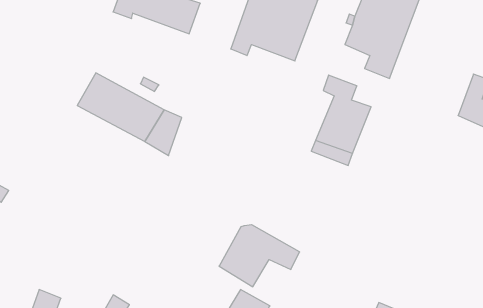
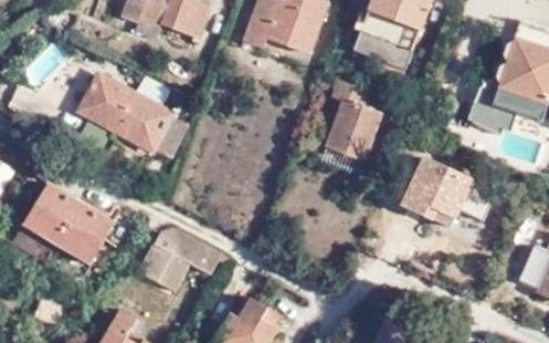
building: none -> [401,158,472,227]
building: none -> [22,180,114,259]
building: [219,225,300,287] -> [139,224,221,287]

